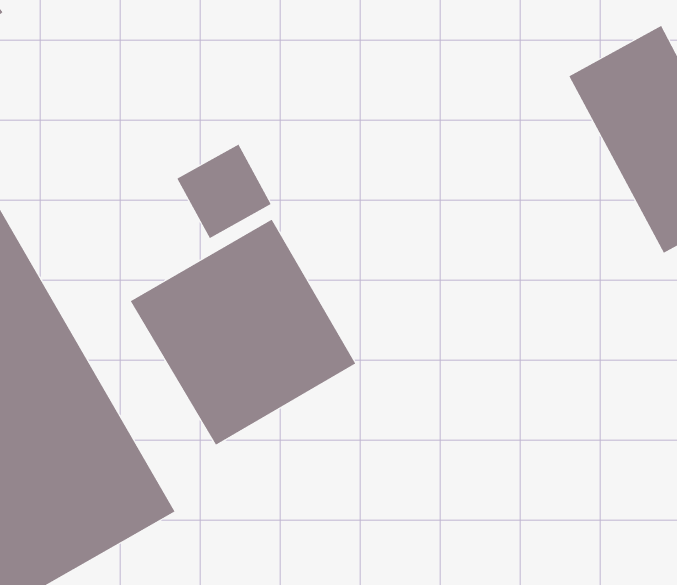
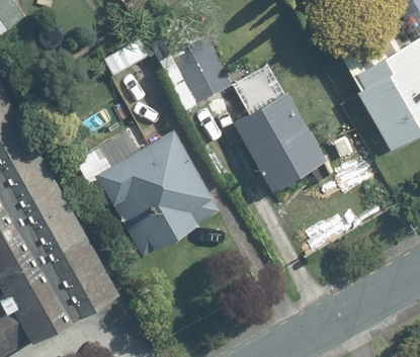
building: [177,144,272,239] -> [177,52,230,104]
building: none -> [233,91,327,191]

